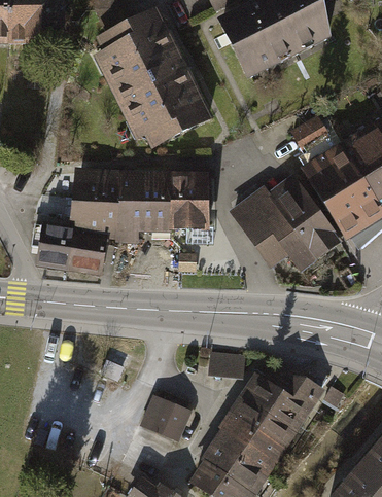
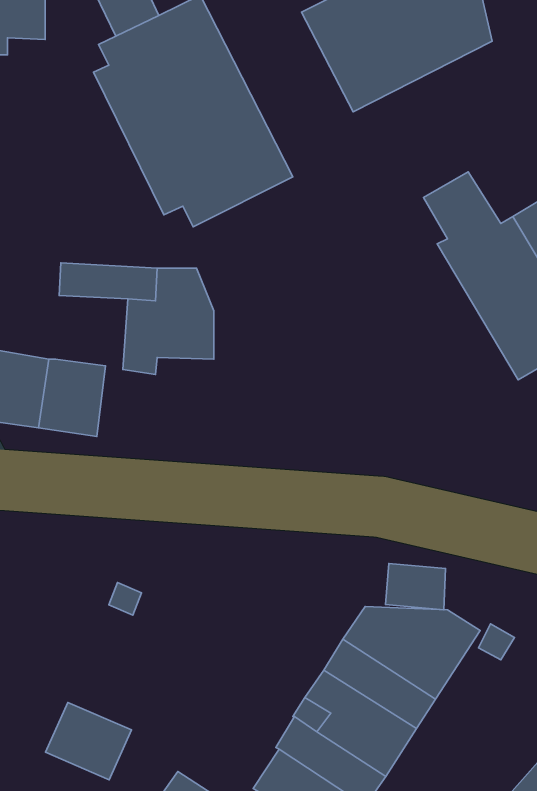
building: [154,171,202,225] -> none
building: [227,183,340,280] -> none
building: [70,187,113,232] -> none
building: [208,349,244,377] -> [385,563,446,610]
building: [139,394,190,440] -> [46,702,132,780]

